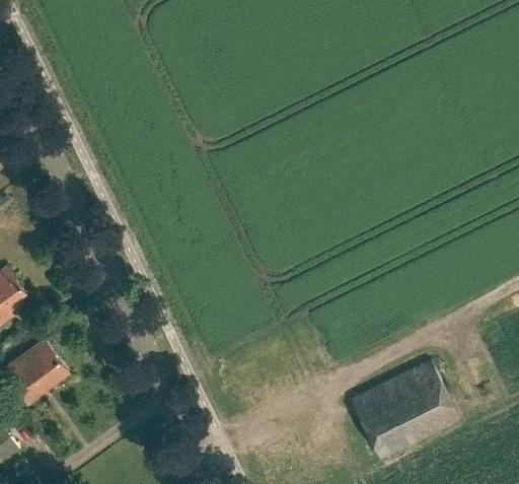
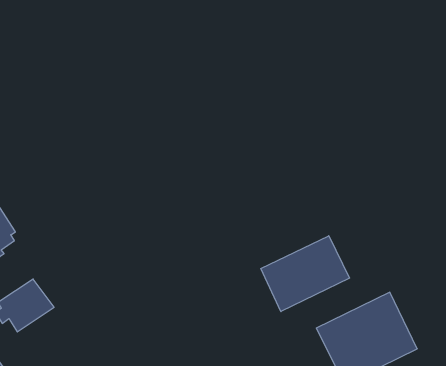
building: none -> [261,236,350,312]

